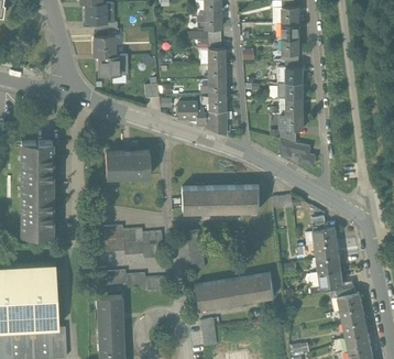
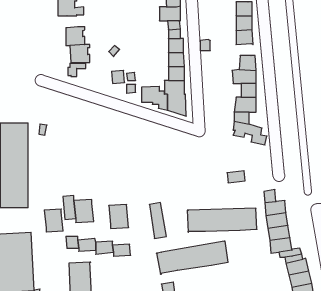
building: [105,152,149,177] -> none
building: [182,186,259,213] -> [187,208,257,232]
building: [122,230,143,255] -> [44,209,63,232]

